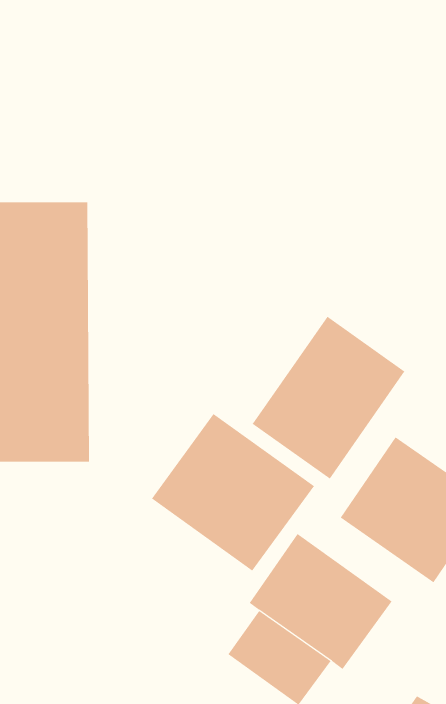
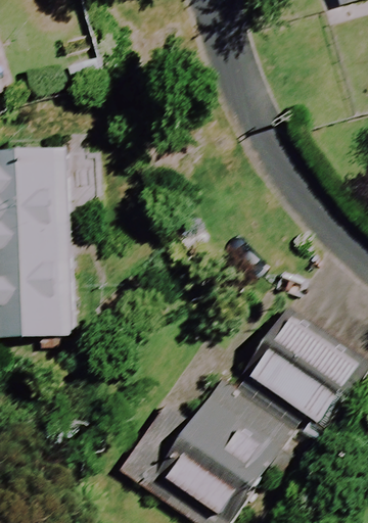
building: [252,316,405,480] -> none
building: [151,413,315,572] -> none

